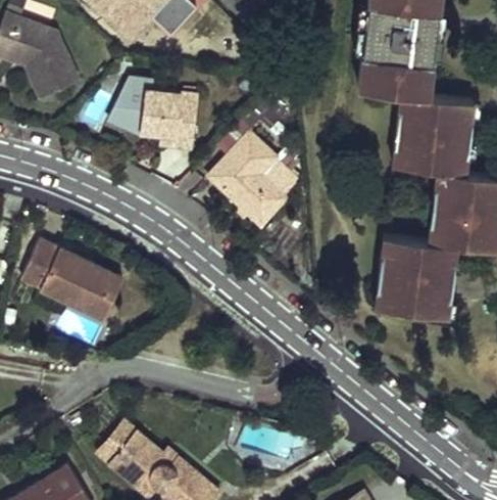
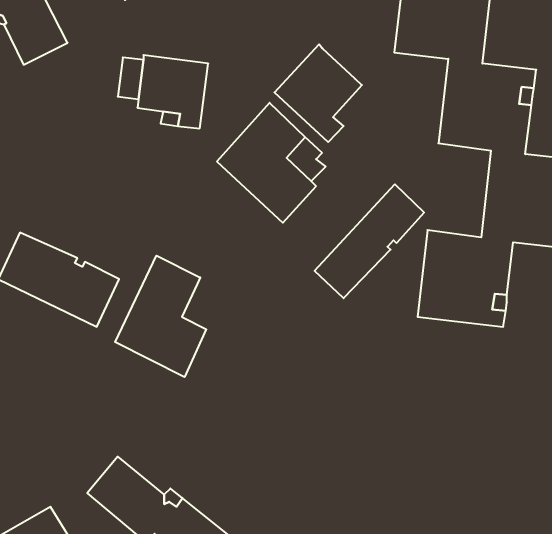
building: none -> [274,44,362,142]
building: none -> [315,184,424,298]
building: none -> [115,256,206,377]

